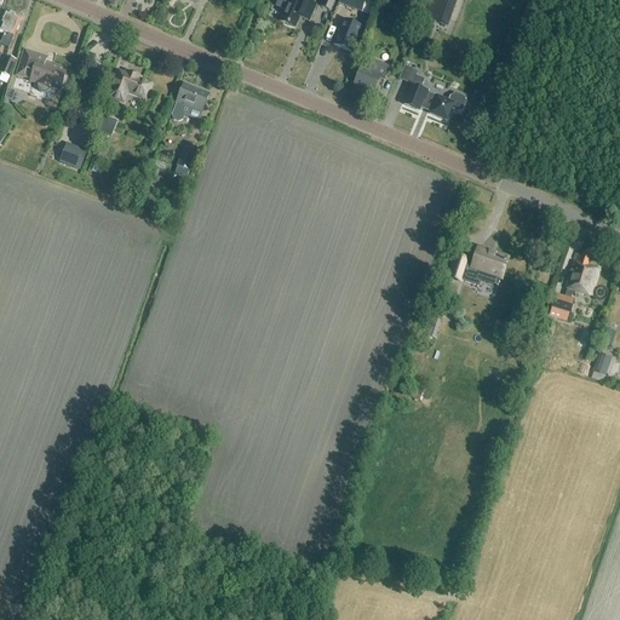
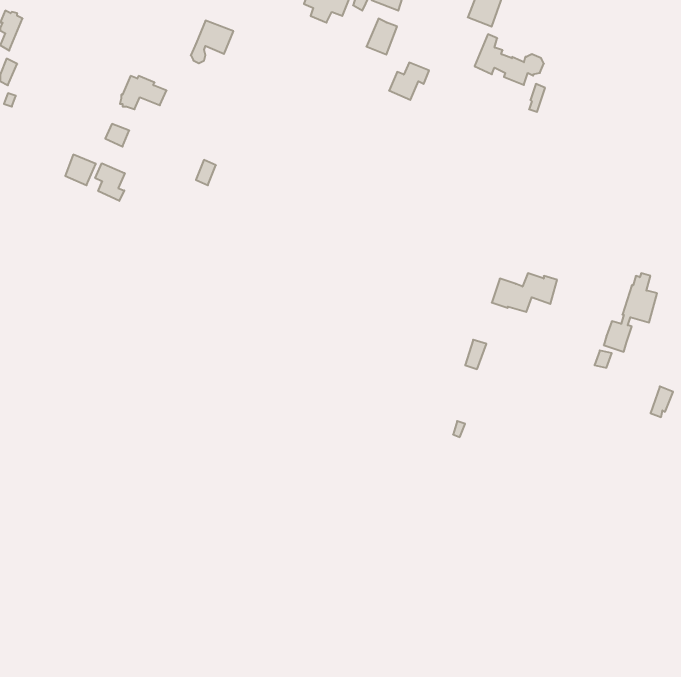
building: [16,48,67,91] -> none
building: [403,73,466,119] -> [475,34,544,85]
building: [171,81,209,120] -> [191,21,233,63]
building: none -> [95,163,125,201]

